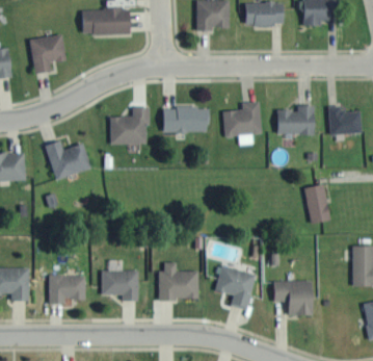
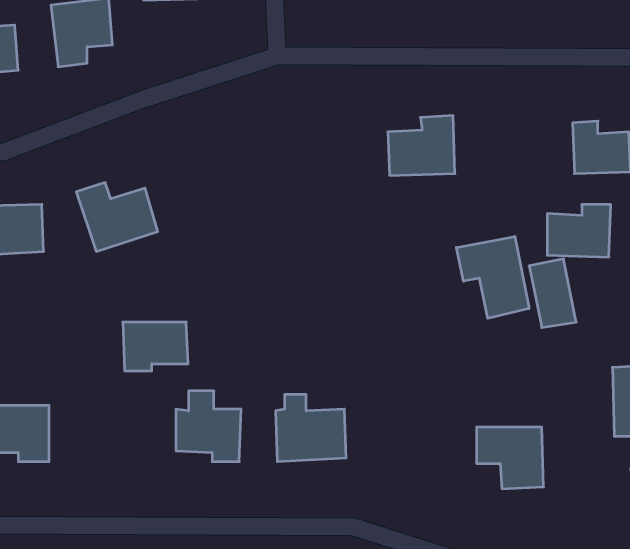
building: [278,105,315,135] -> [547,205,611,257]
building: [110,107,149,145] -> none
building: [163,108,209,133] -> none
building: none -> [456,236,529,318]
building: [215,265,257,310] -> none
building: [49,276,86,304] -> [123,322,188,371]

